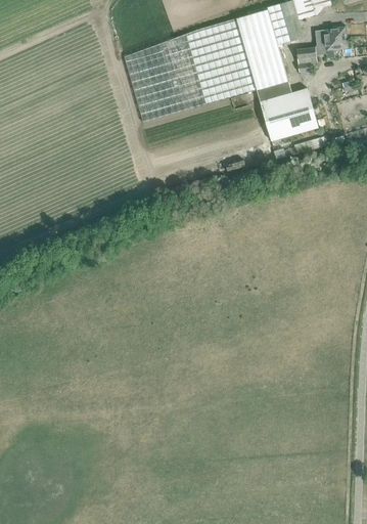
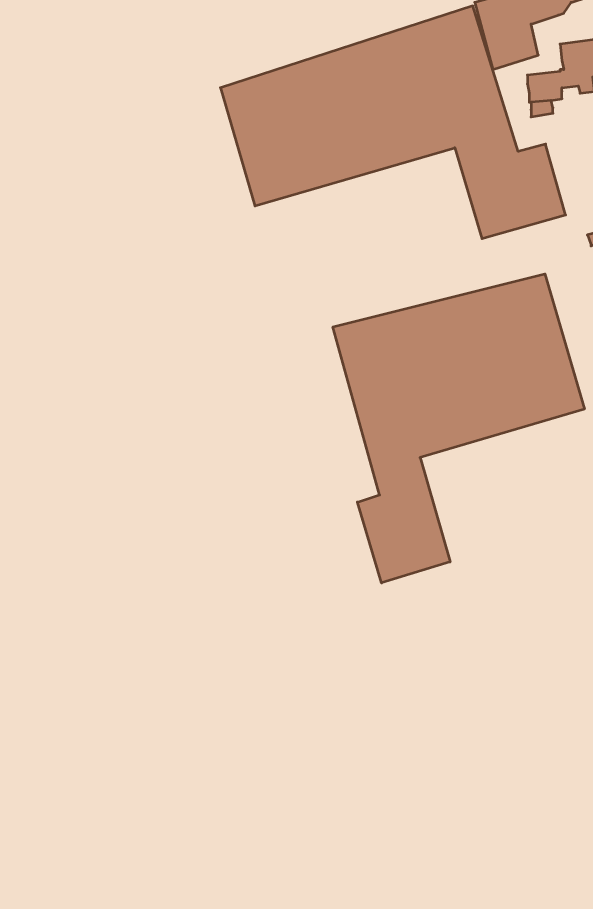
building: none -> [333,274,584,583]

